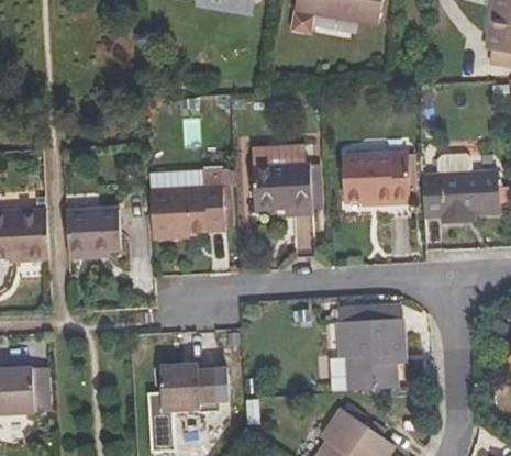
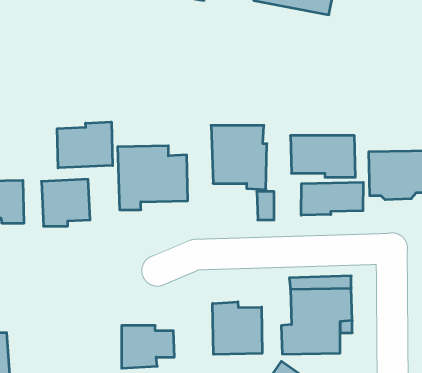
building: none -> [57,122,113,168]
building: none -> [301,182,363,215]
building: none -> [213,302,262,354]

